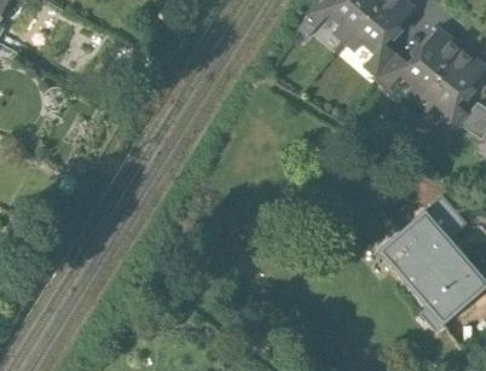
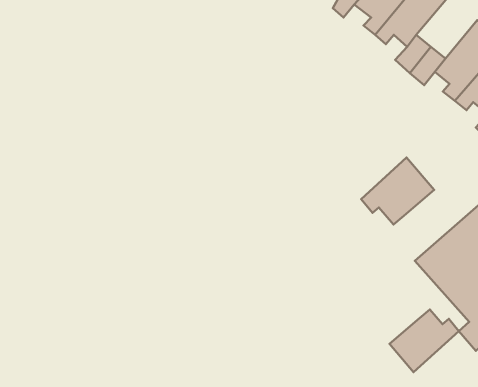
building: none -> [361,157,434,224]
building: none -> [389,309,459,372]

